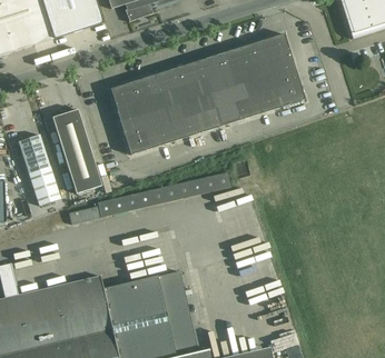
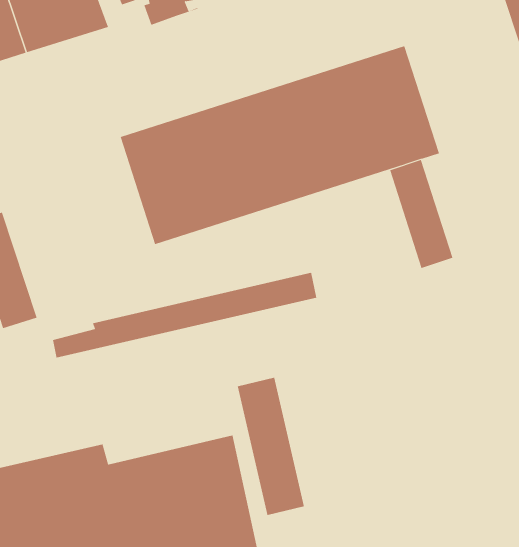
building: none -> [389,159,453,269]
building: [52,109,101,193] -> none
building: none -> [237,377,305,516]

